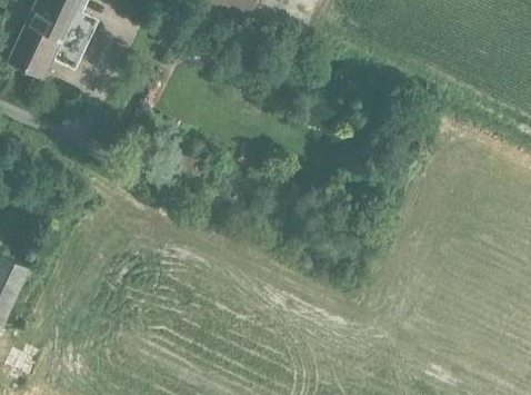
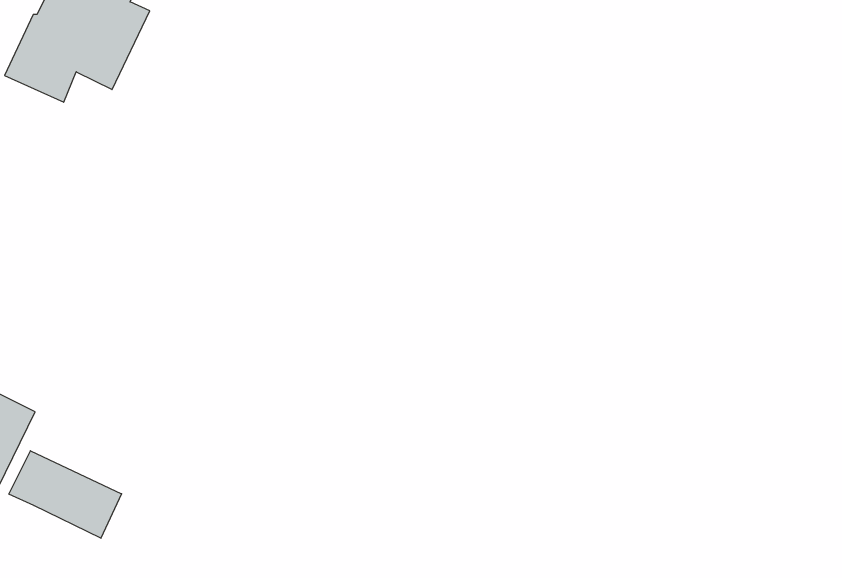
building: none -> [9,451,122,538]

